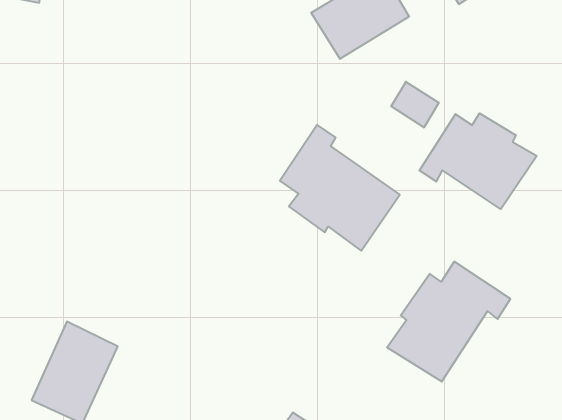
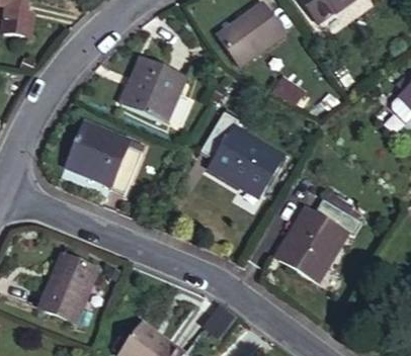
building: none -> [121,60,184,120]
building: [419,113,537,209] -> none
building: none -> [66,120,142,193]

